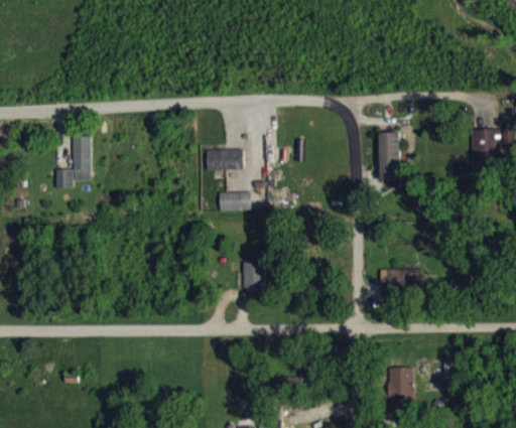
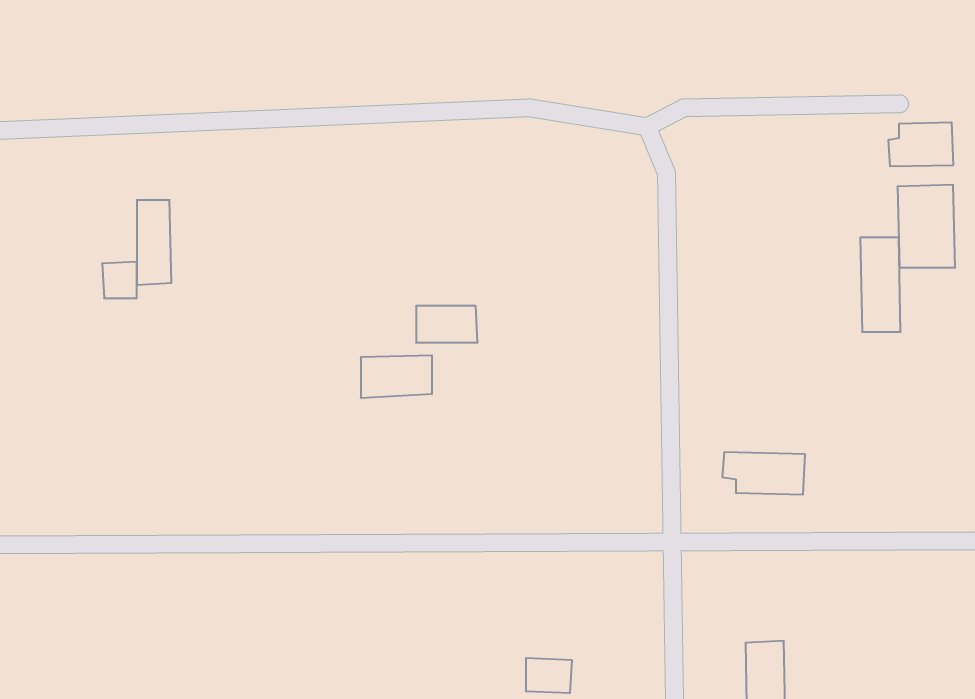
building: none -> [889,122,953,166]
building: [379,131,400,180] -> [860,238,901,332]
building: [206,148,243,170] -> [361,355,432,398]
building: [243,261,265,288] -> none

